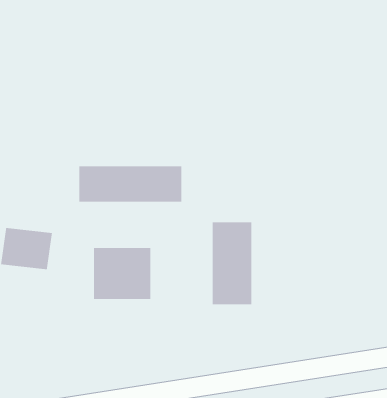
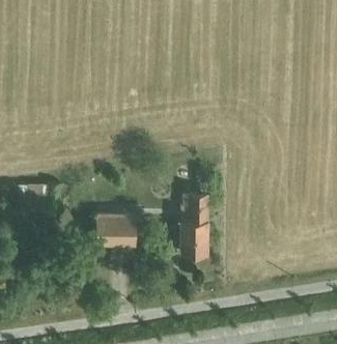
building: [78,165,182,202] -> none

